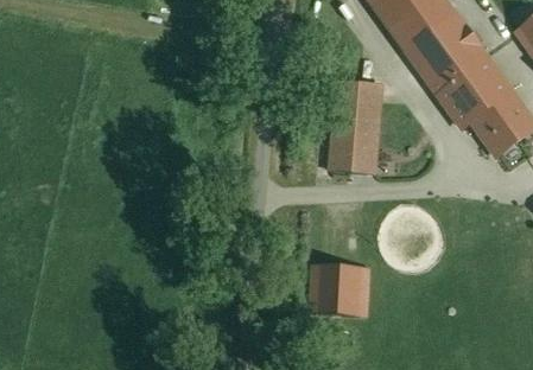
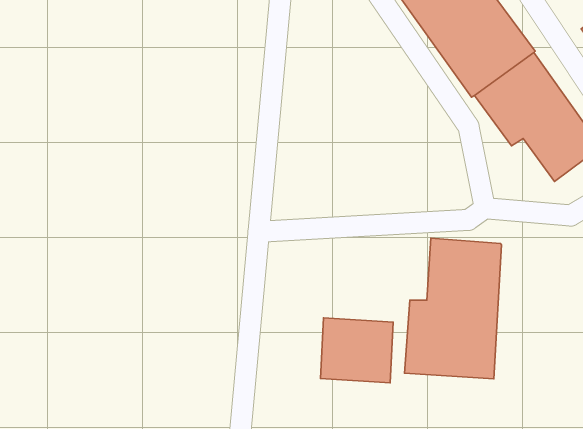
building: [318,79,381,173] -> none
building: none -> [405,238,501,379]

